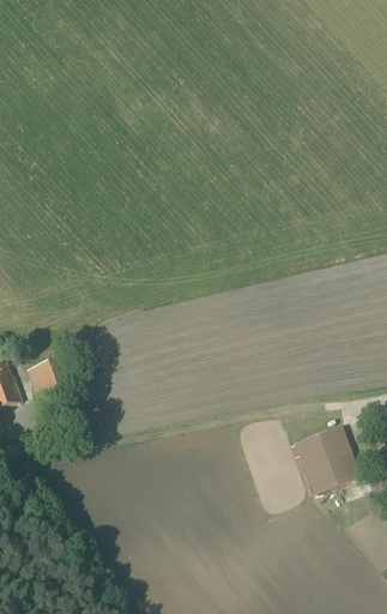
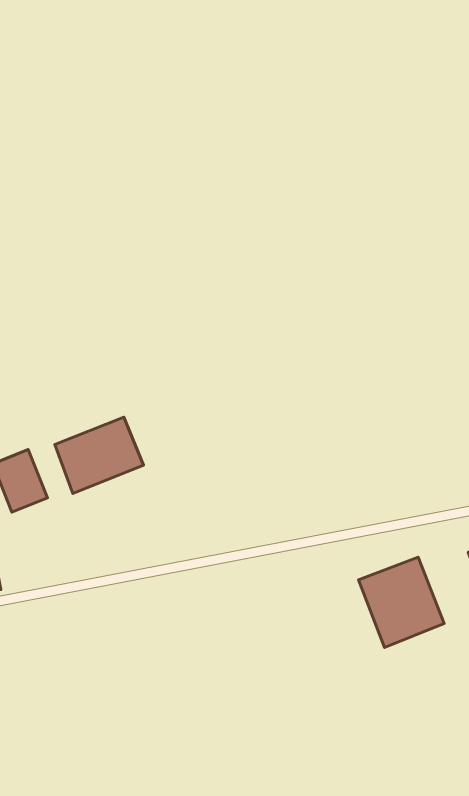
building: none -> [55,417,143,493]

